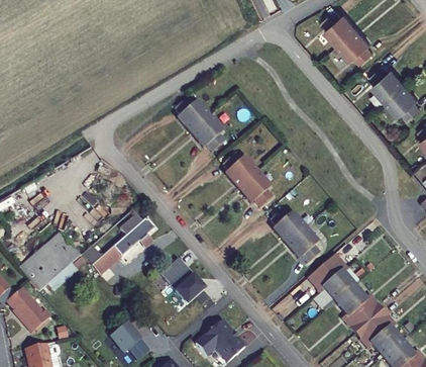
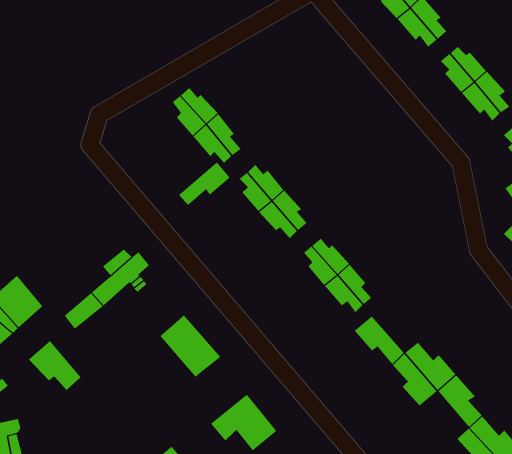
building: none -> [178,162,231,206]
building: [319,252,353,291] -> none
building: [354,319,391,355] -> none
building: [111,322,150,359] -> [28,340,82,391]

